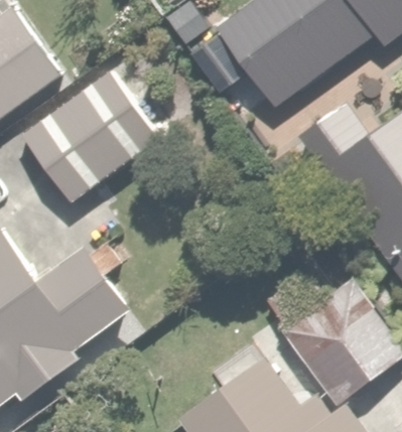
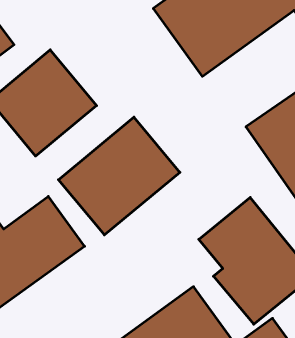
building: none -> [58,117,180,235]

